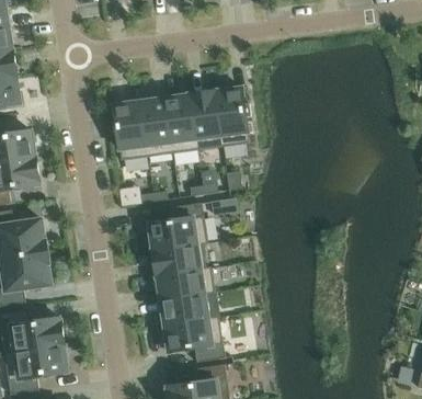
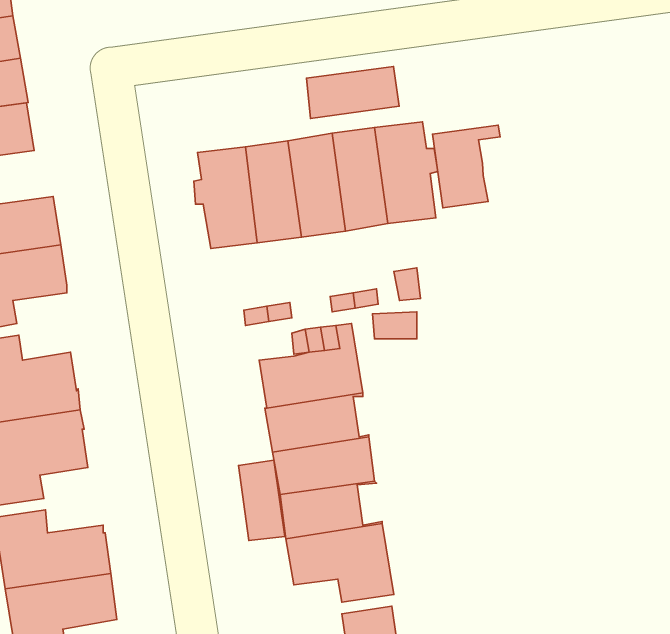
building: none -> [307,66,399,118]
building: none -> [433,125,500,208]
building: none -> [238,460,285,540]

